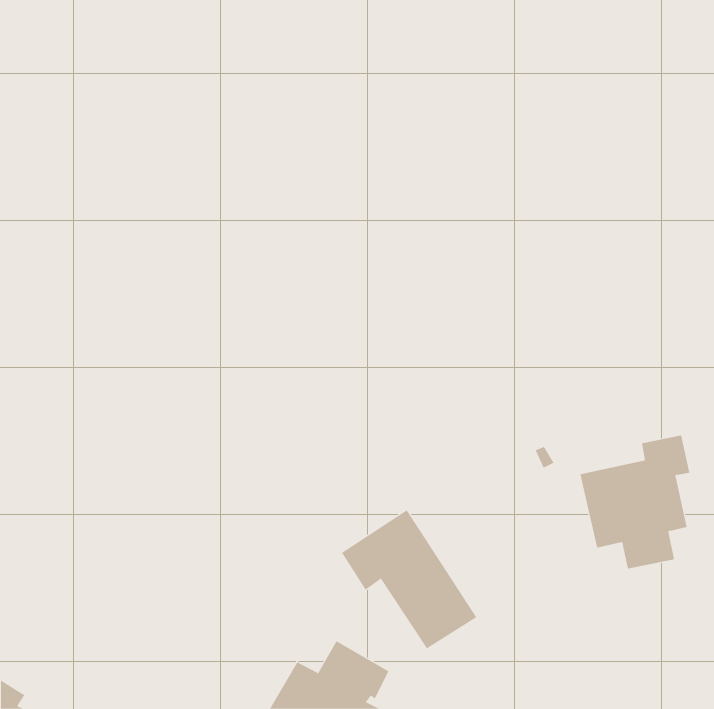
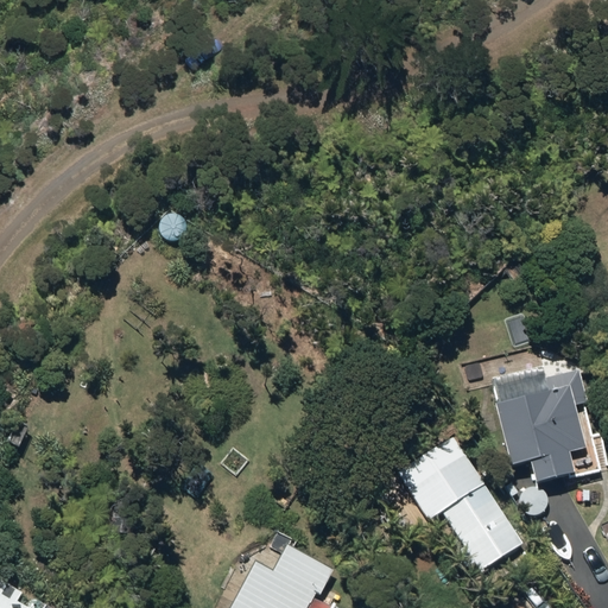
building: [341,509,477,649] -> [407,450,522,569]

